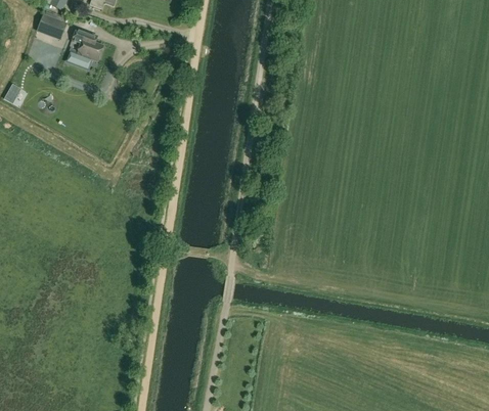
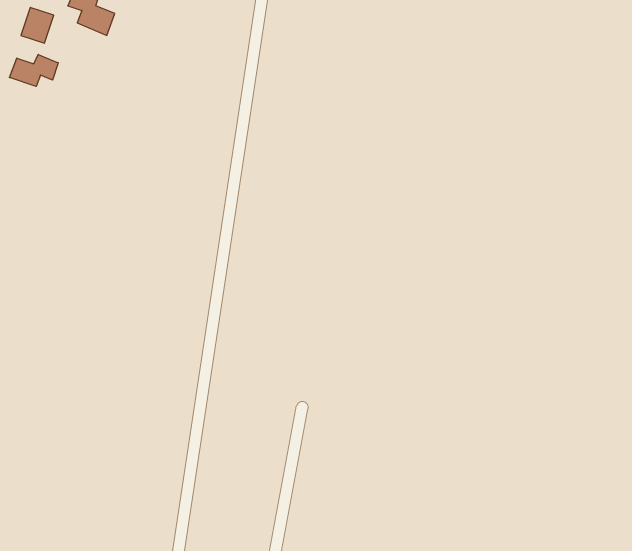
building: none -> [9,54,58,86]

